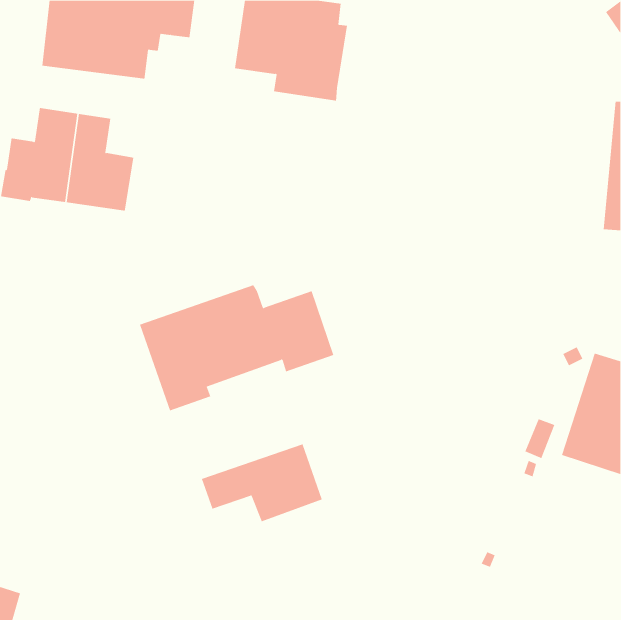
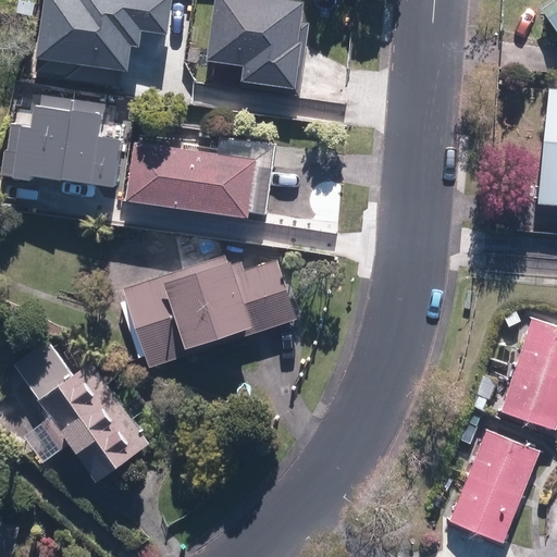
building: none -> [128,143,257,216]
building: none -> [11,338,148,480]
building: [201,444,322,522] -> none
building: none -> [447,429,539,542]

